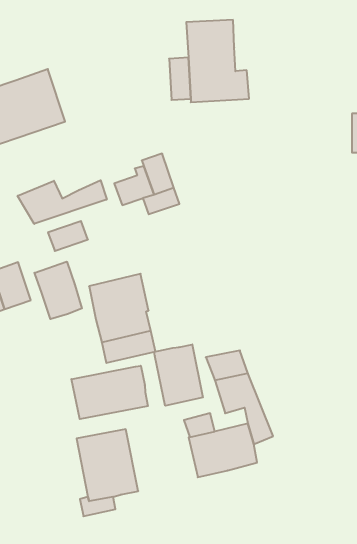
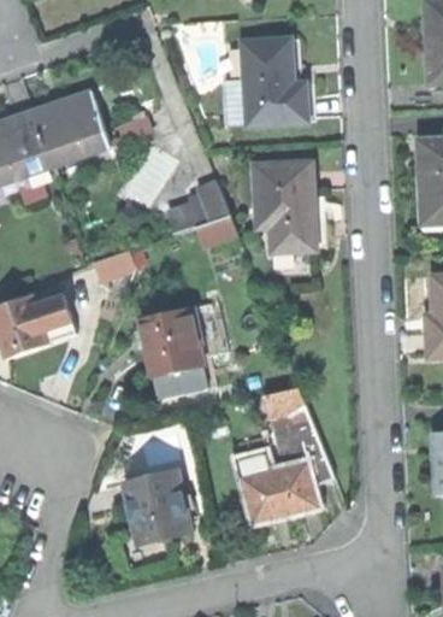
building: none -> [254,163,314,251]
building: [18,180,107,224] -> none
building: [34,262,82,319] -> none
building: [154,344,203,406] -> none
building: [71,366,148,419] -> none

